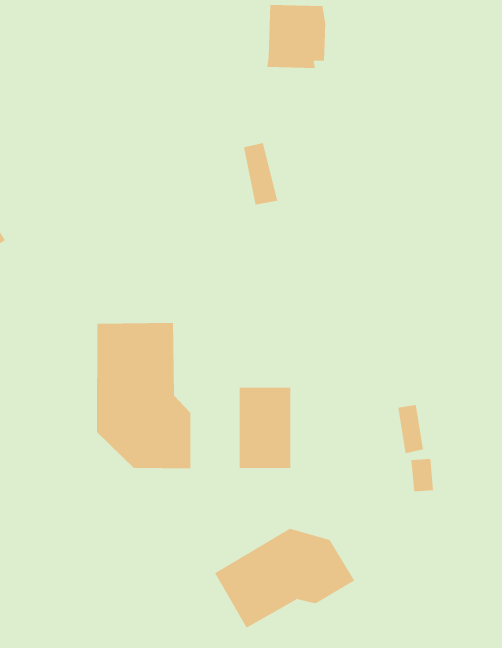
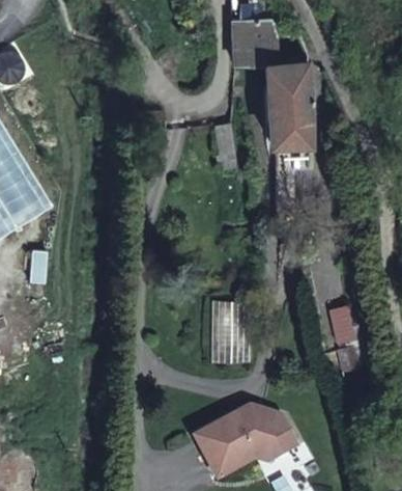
building: none -> [266,69,310,229]
building: [97,322,191,469] -> none

